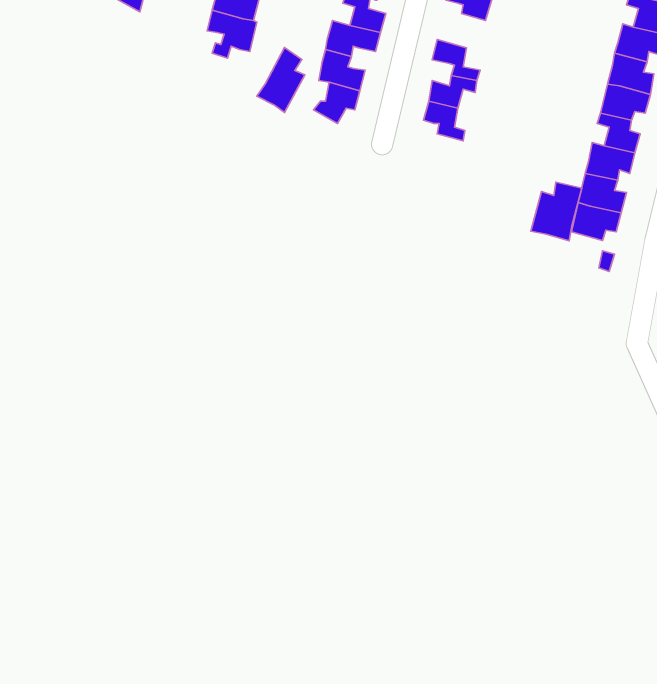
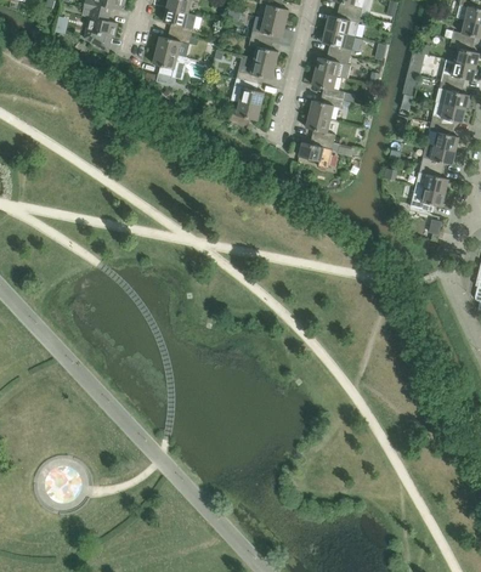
building: none -> [316,51,352,78]
building: [257,47,305,112] -> none
building: none -> [296,136,341,168]
building: [531,182,582,241] -> none

